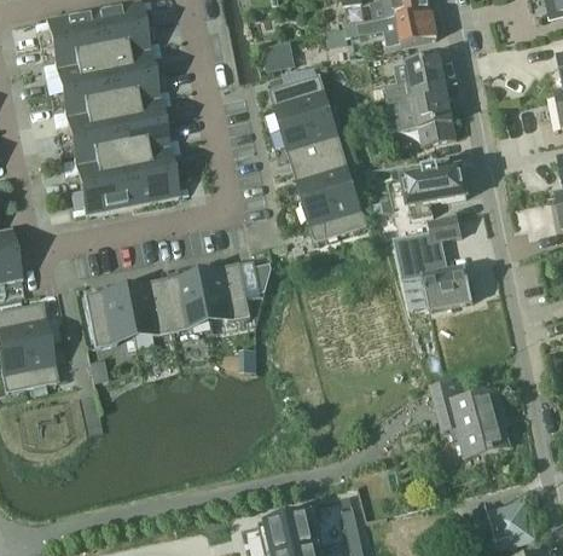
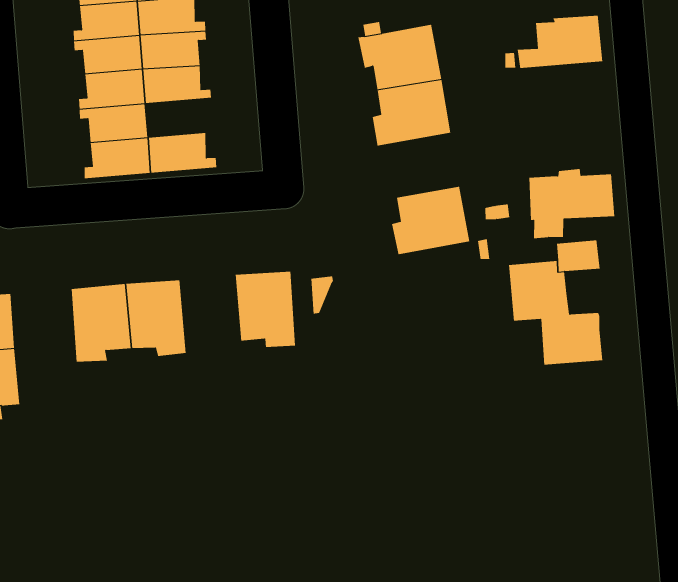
building: [387,86,455,143] -> none
building: [122,145,170,179] -> none
building: [291,150,354,201] -> none
building: [162,270,210,330] -> none
building: [431,378,509,456] -> none

